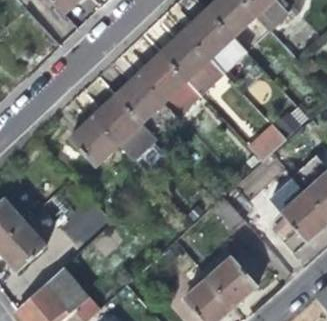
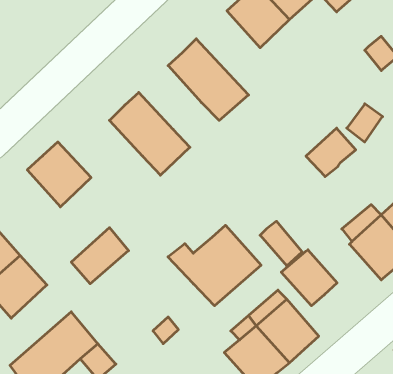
building: [161,30,225,96] -> none
building: [116,73,165,123] -> none
building: [69,116,119,167] -> [27,142,91,207]
building: none -> [168,225,261,306]
building: none -> [281,250,337,306]

